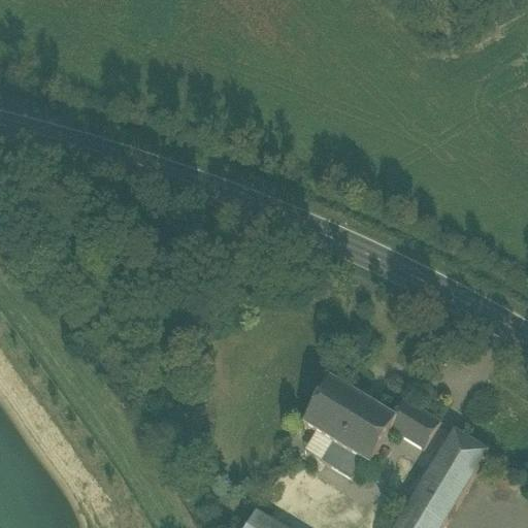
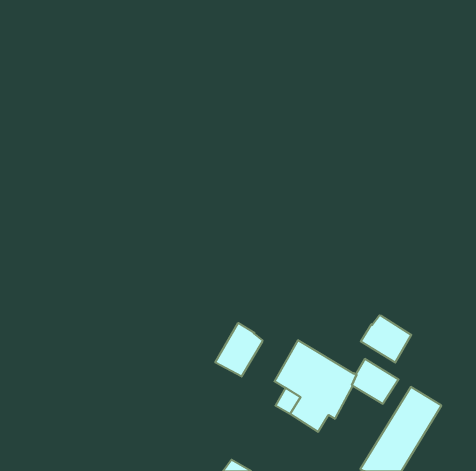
building: none -> [361,315,411,363]
building: none -> [215,323,263,377]

